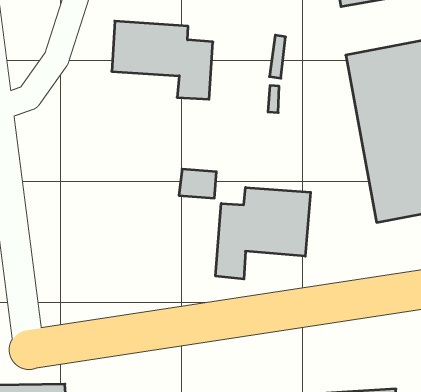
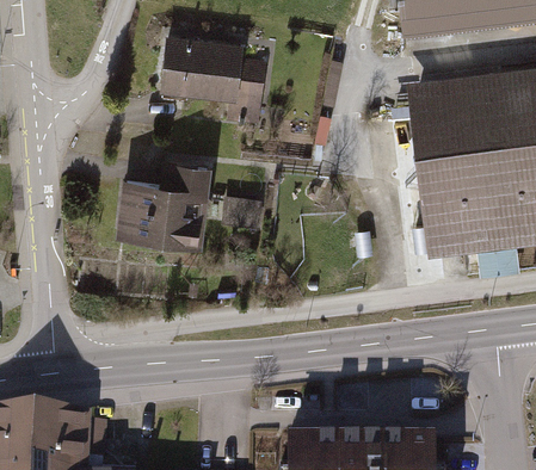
building: none -> [117,157,211,243]
building: [216,187,311,279] -> none

